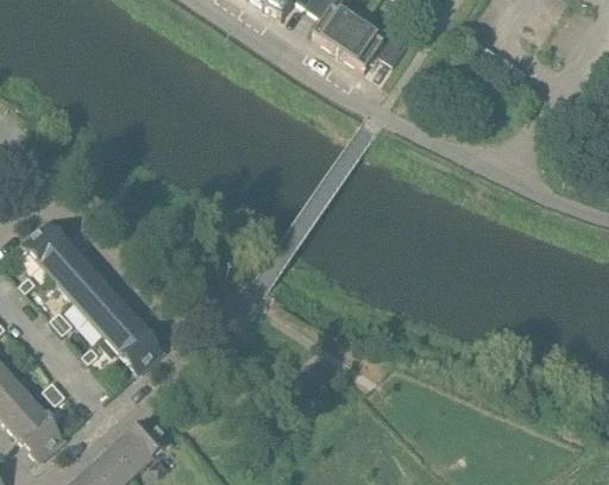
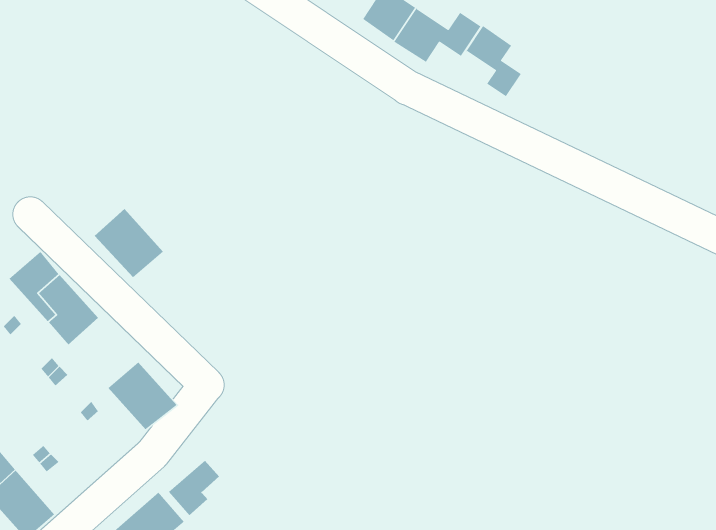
building: none -> [465,24,522,97]
building: [73,276,130,333] -> [94,208,164,278]
building: none -> [168,460,220,516]

